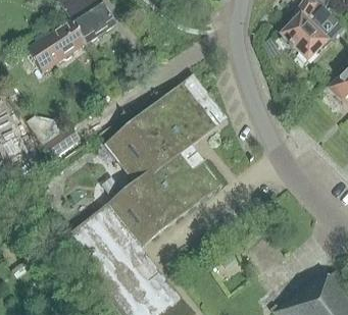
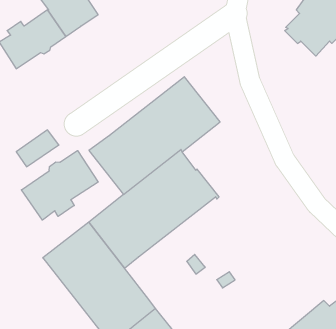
building: none -> [21,151,98,220]

